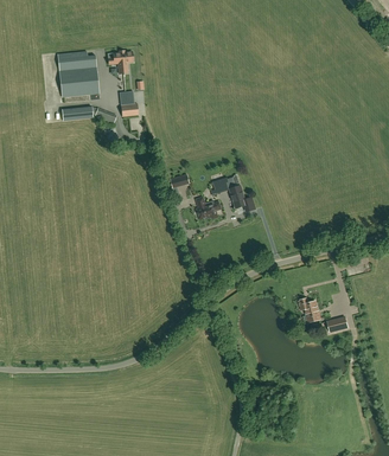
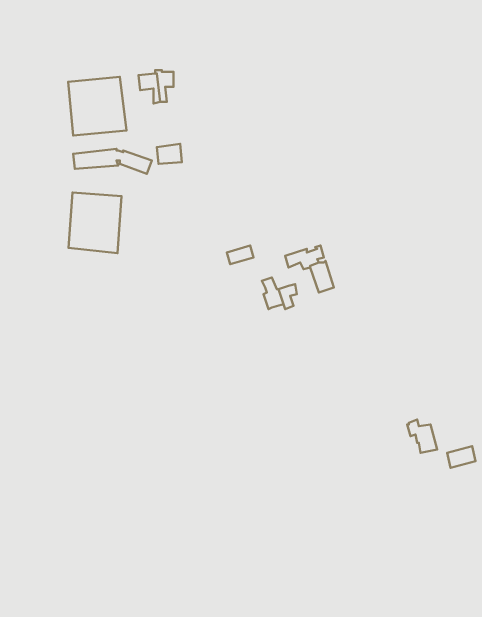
building: none -> [68,193,122,253]

